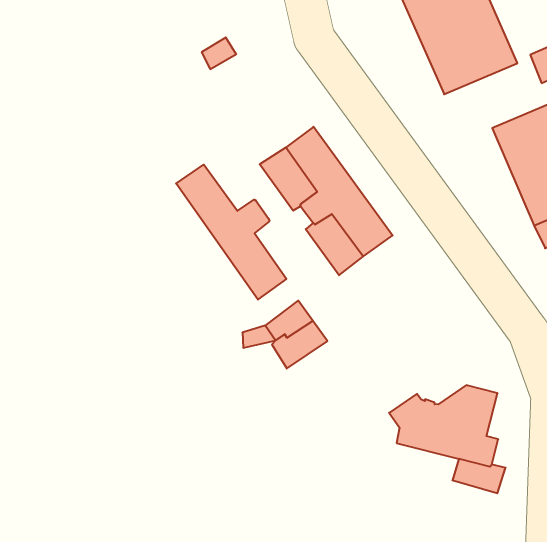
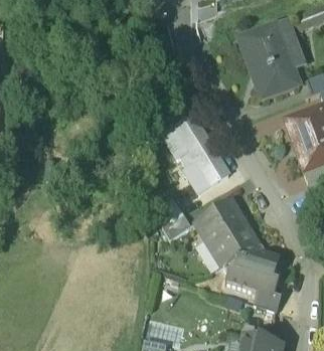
building: [176,165,286,300] -> none
building: none -> [195,198,258,264]

